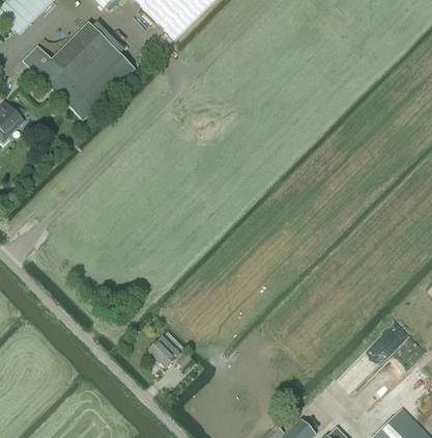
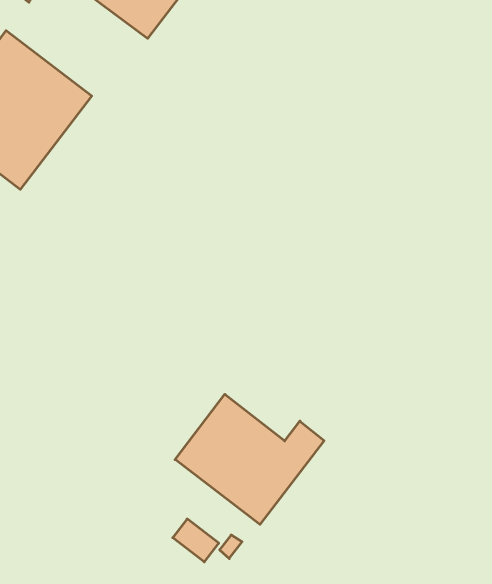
building: none -> [175,394,324,524]

